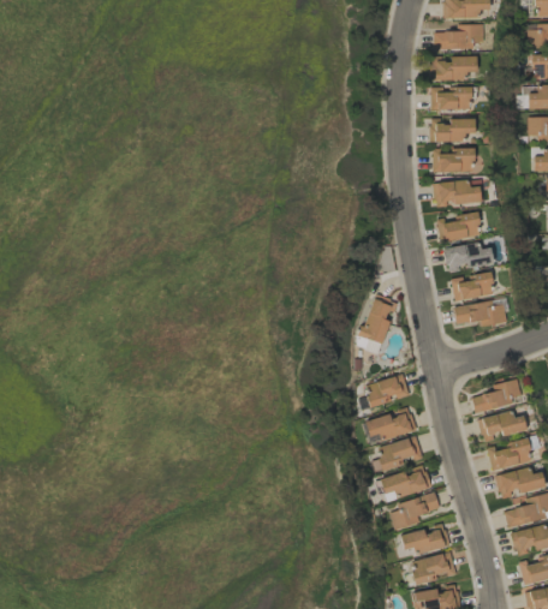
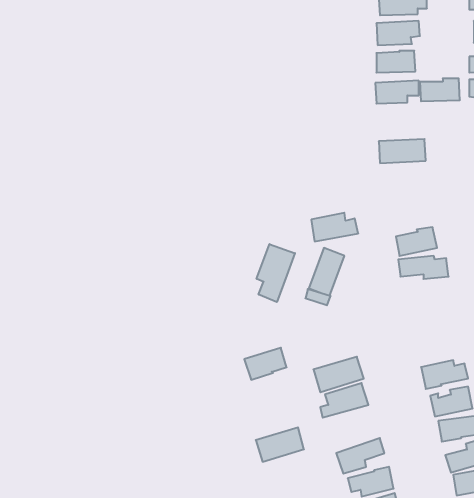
building: [433,149,475,173] -> [420,78,460,101]
building: [437,213,481,241] -> none
building: [445,243,494,273] -> [311,213,358,241]
building: none -> [257,244,295,302]
building: [365,375,410,408] -> [244,348,287,380]
building: [472,380,523,412] -> none
building: [381,466,431,502] -> [256,427,304,462]

